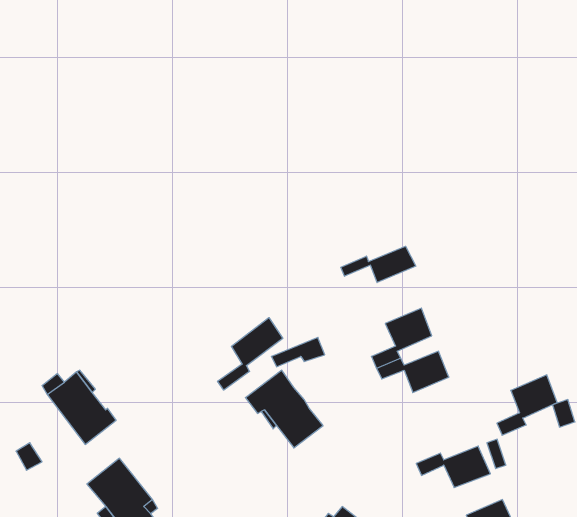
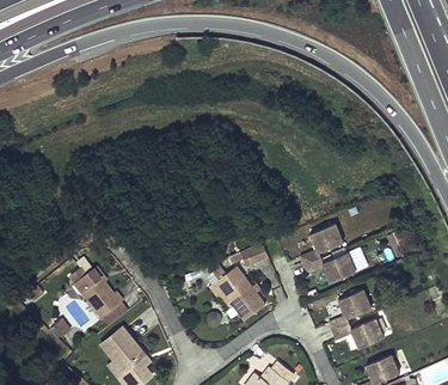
building: [341,246,416,283] -> none
building: [218,318,283,390] -> none
building: [497,375,557,435] -> [326,289,368,331]

